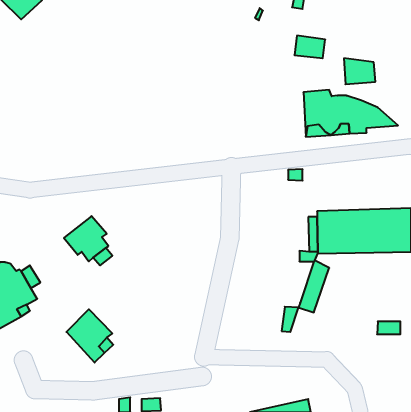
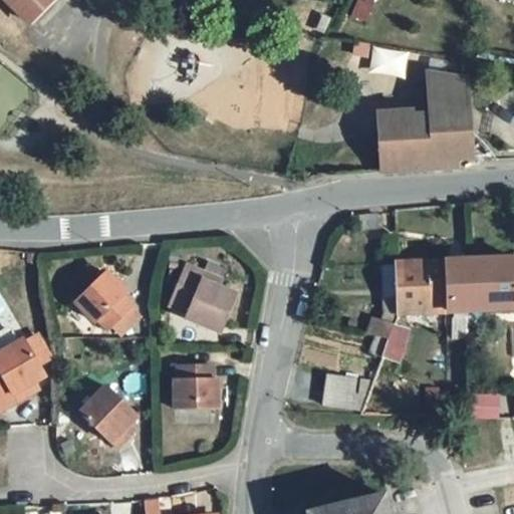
building: none -> [429,101,469,134]
building: none -> [170,260,234,330]
building: none -> [174,366,217,412]
building: none -> [321,378,353,411]

